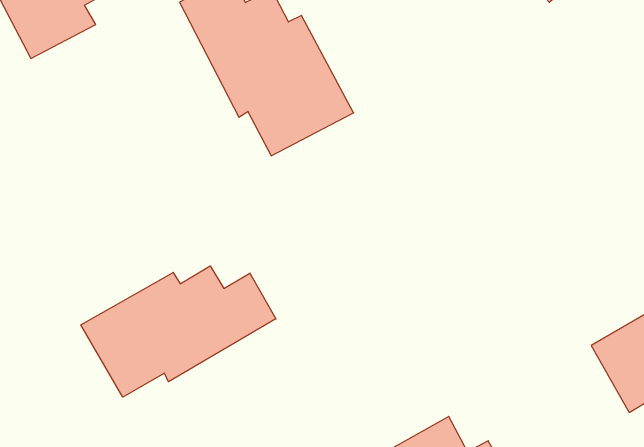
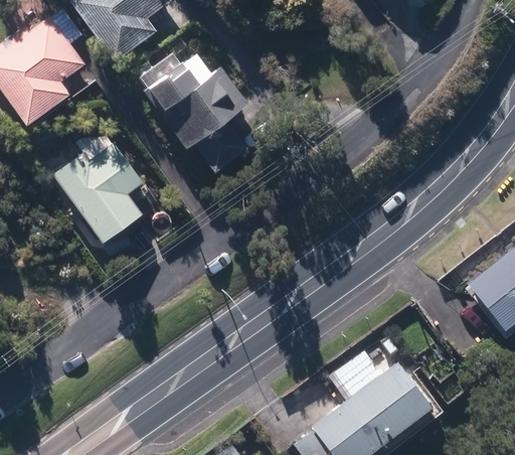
building: none -> [53,144,145,242]
building: [81,266,276,397] -> none

